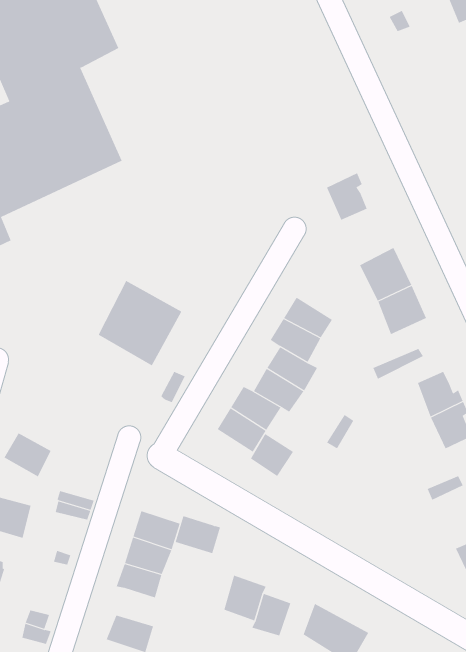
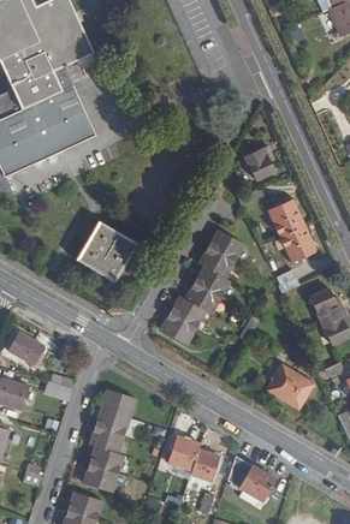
building: [250,433,294,477] -> none
building: none -> [266,363,314,410]
building: [175,516,221,554] -> [90,445,124,472]

